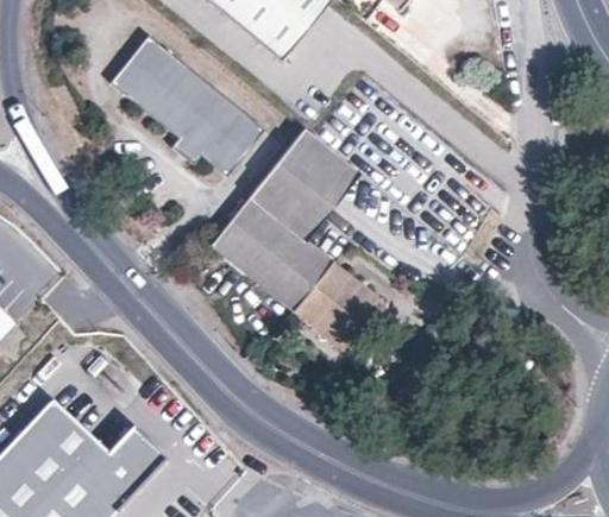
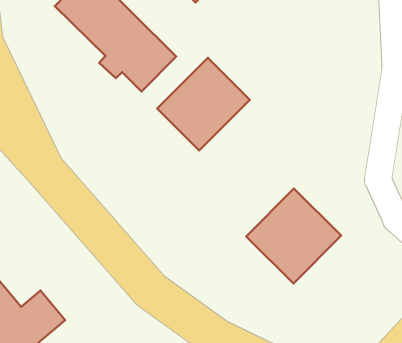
building: [207,194,378,349] -> none
building: none -> [246,189,341,284]

